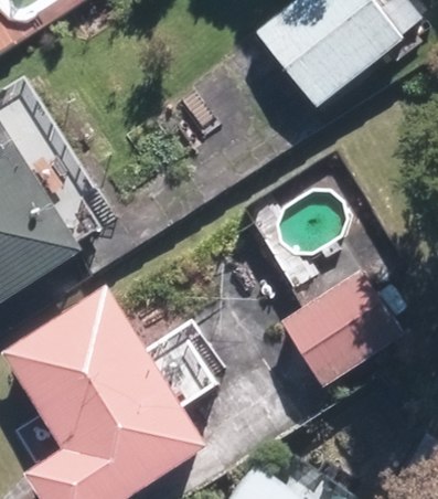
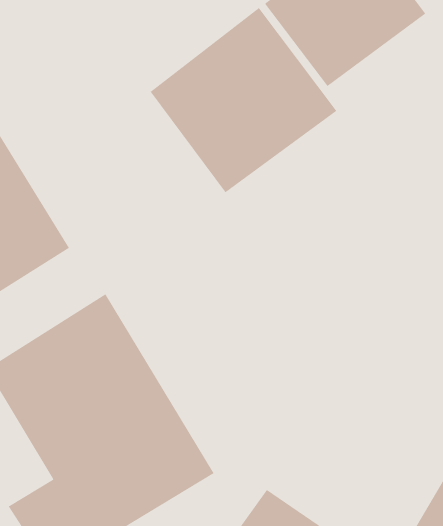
building: none -> [150,7,337,193]
building: [281,273,406,395] -> none

